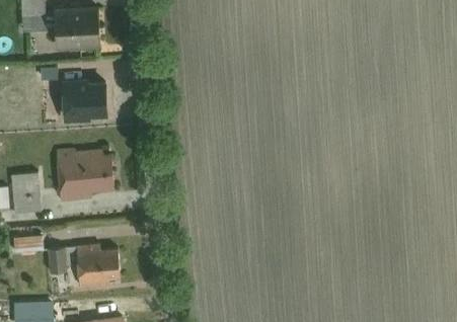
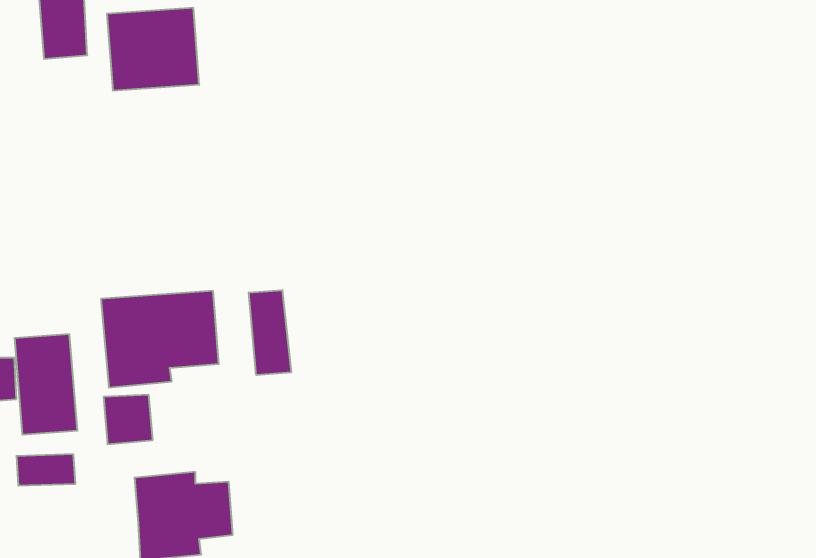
building: [57,78,102,122] -> none
building: none -> [249,290,291,375]
building: [48,247,73,272] -> [104,395,153,444]

